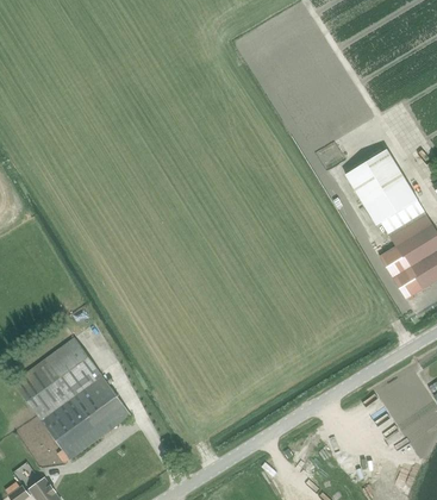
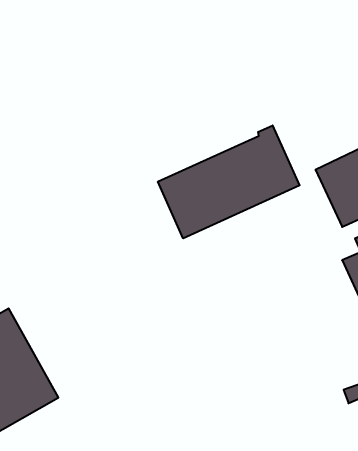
building: none -> [158,125,300,238]

